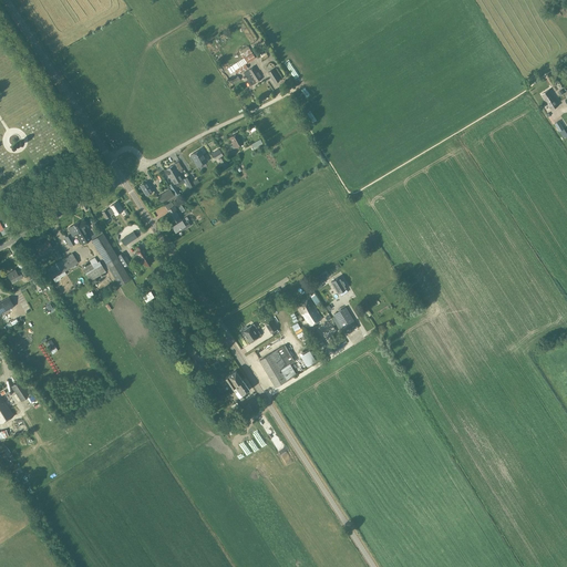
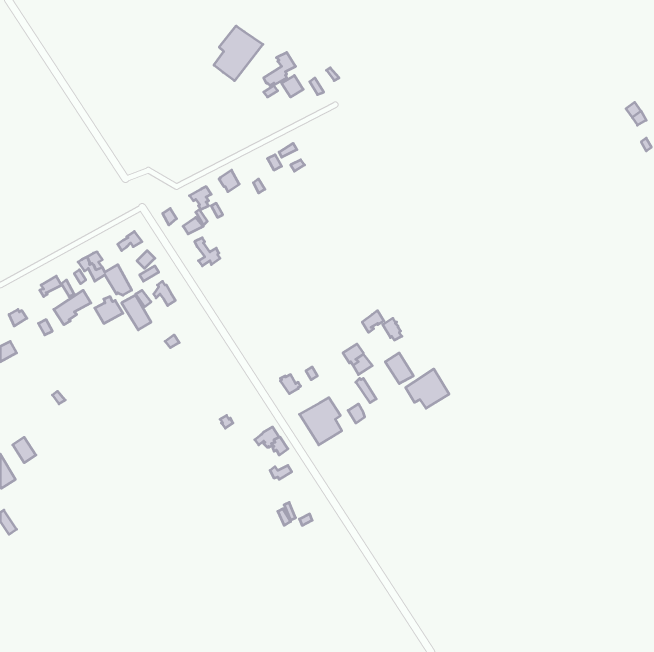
building: none -> [214,26,263,81]
building: none -> [406,369,449,408]

